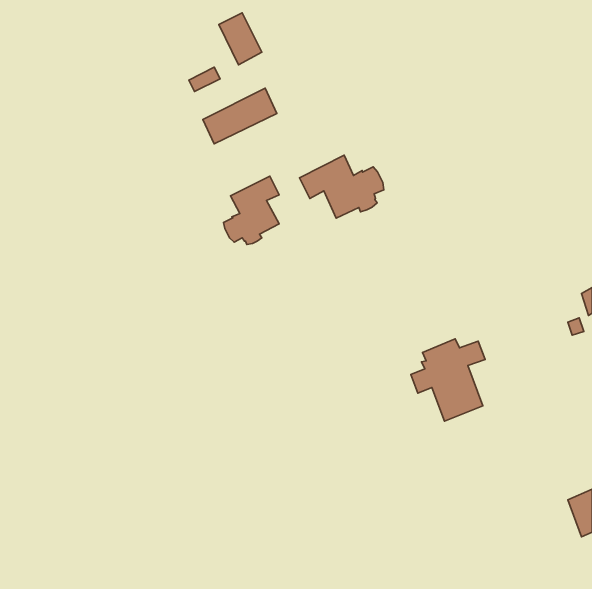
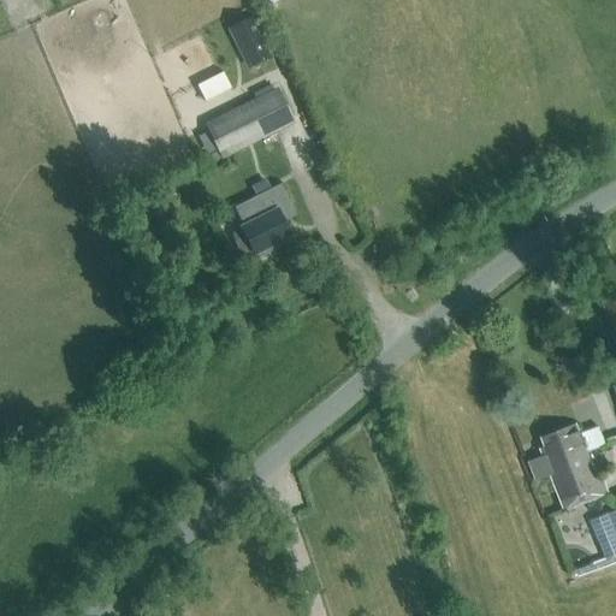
building: [299,155,384,218] -> none
building: [411,339,485,421] -> [528,422,605,508]

